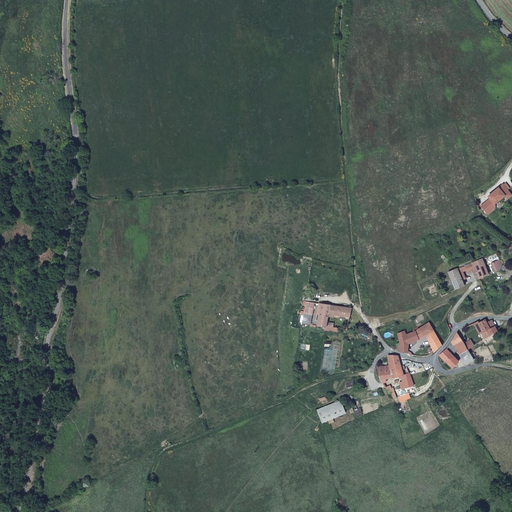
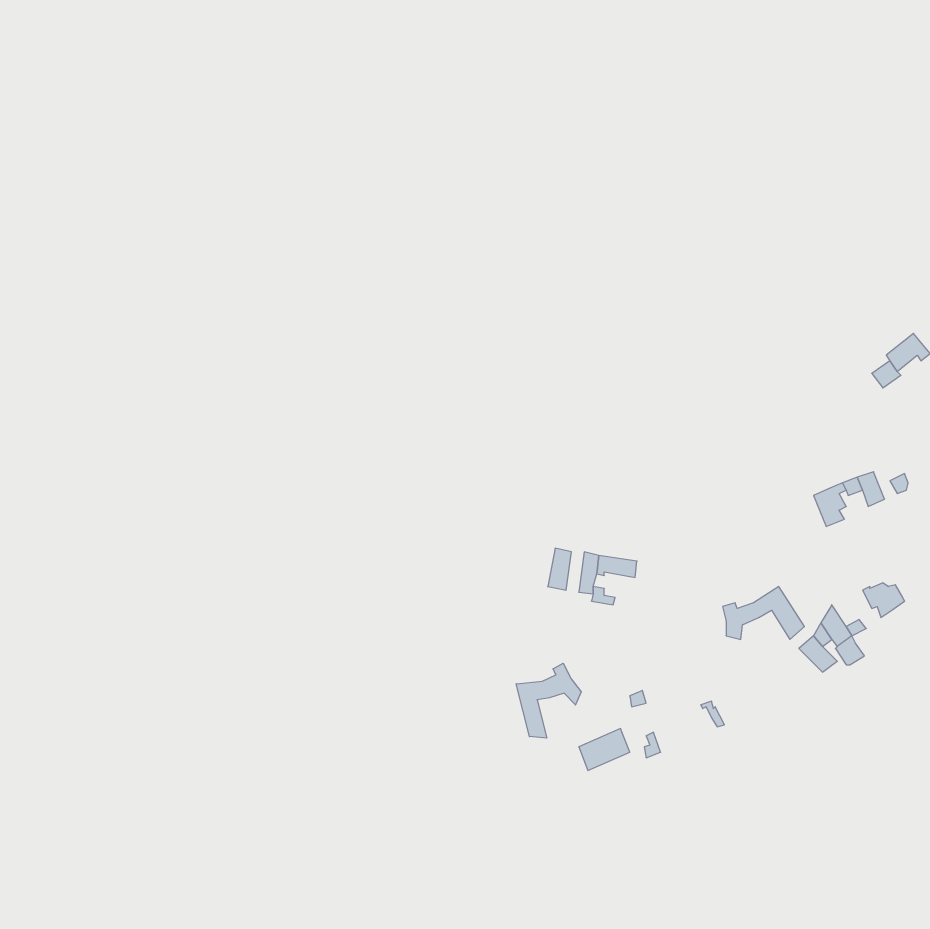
building: [378,356,413,389] -> none
building: none -> [516,663,581,738]

